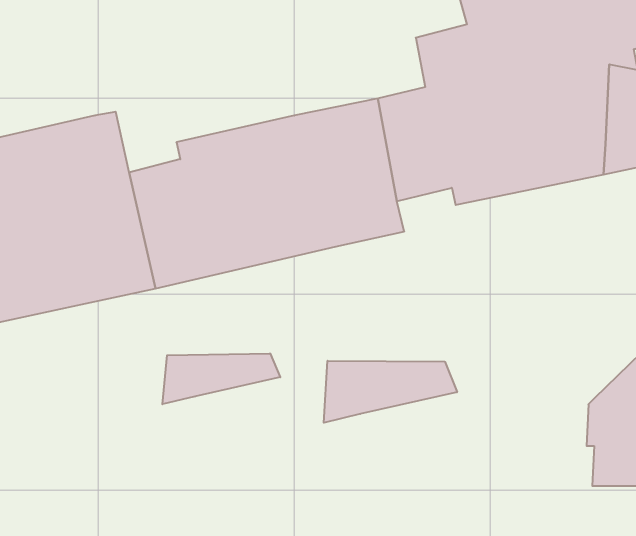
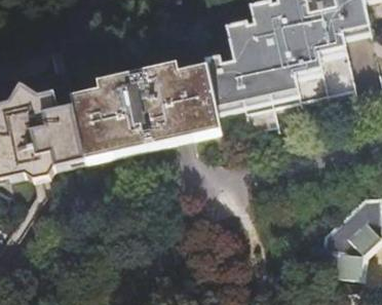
building: [162,353,280,404] -> none
building: [324,361,457,423] -> none

